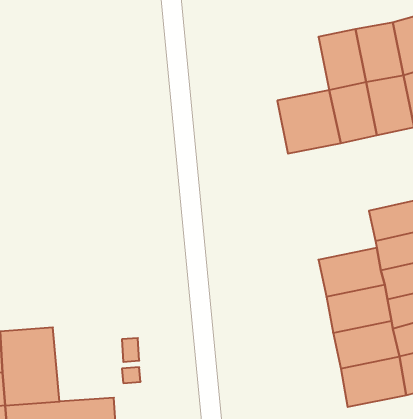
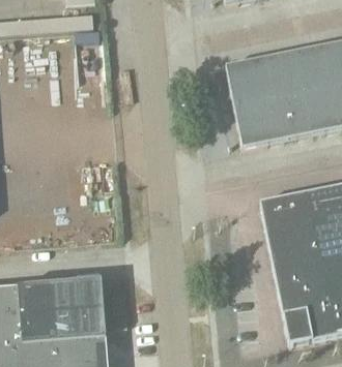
building: none -> [225,54,274,103]
building: none -> [259,189,311,227]
building: none -> [58,276,106,338]

